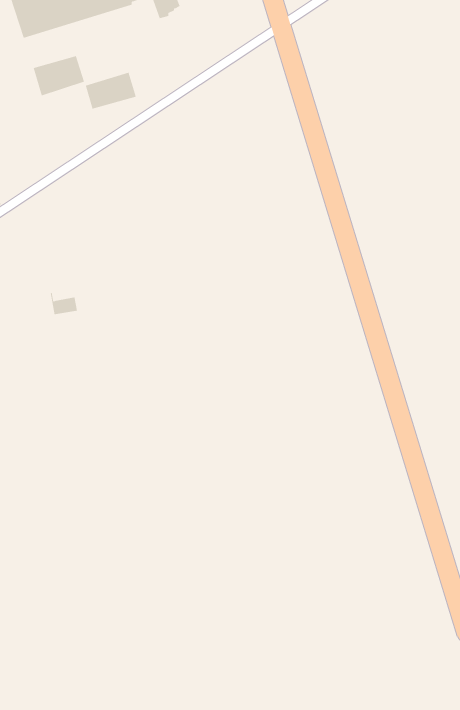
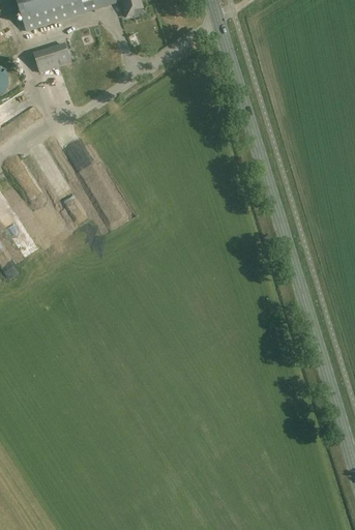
building: [85,72,136,110] -> none

